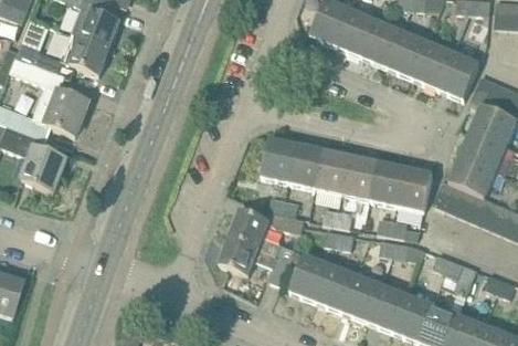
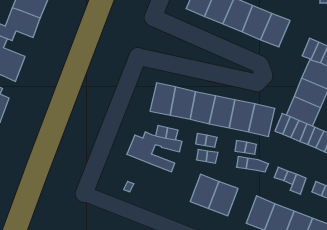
building: [438,52,479,99] -> none
building: [219,237,290,285] -> none
building: [289,254,330,302] -> none
building: [368,284,408,332] -> none

